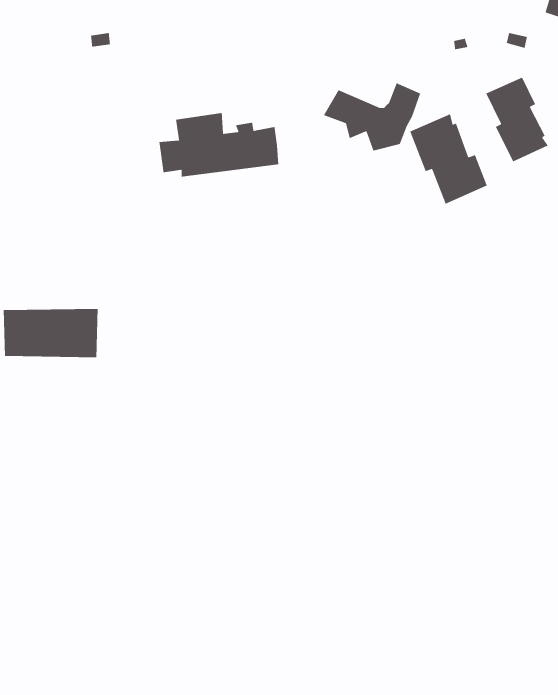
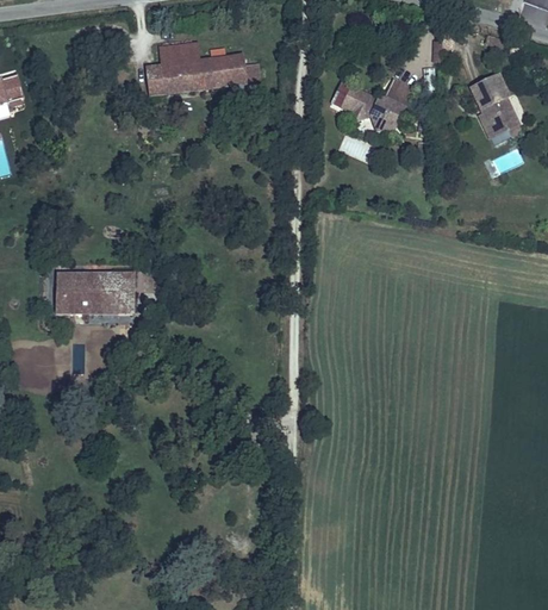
building: [159,112,279,177] -> [144,39,248,95]
building: [409,113,488,205] -> none

